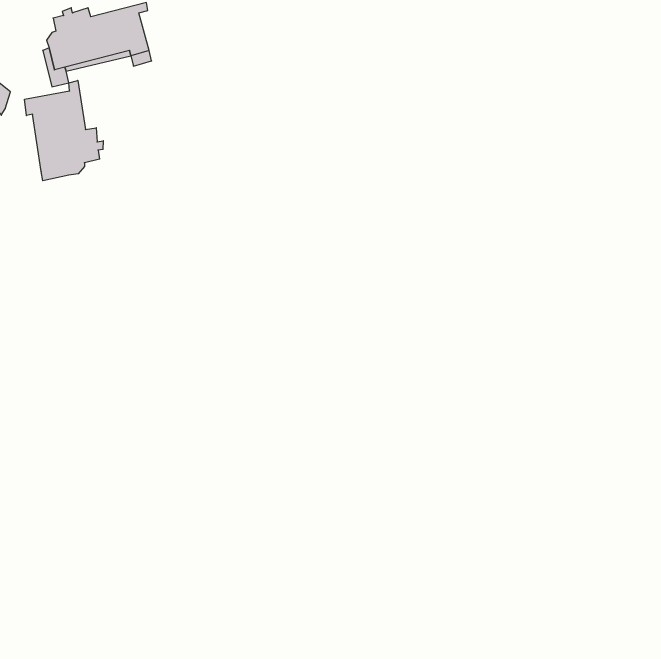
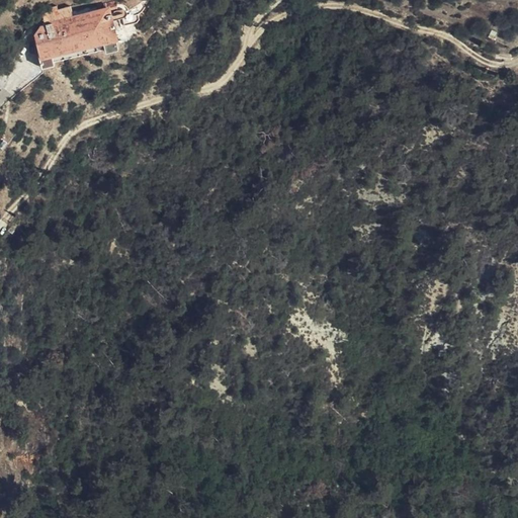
building: [25,80,103,181] -> none

